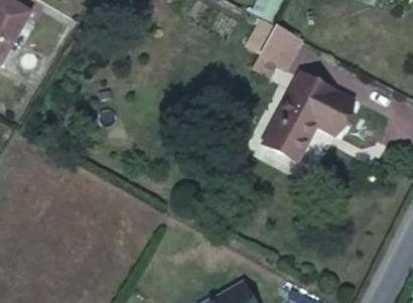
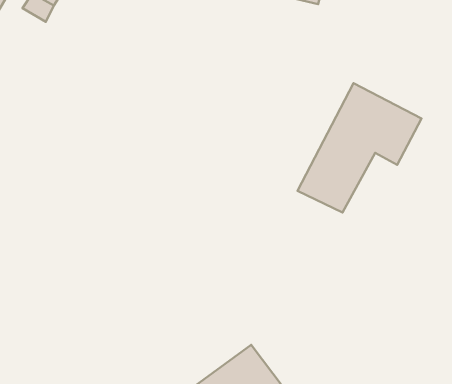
building: [249,25,301,71] -> none

